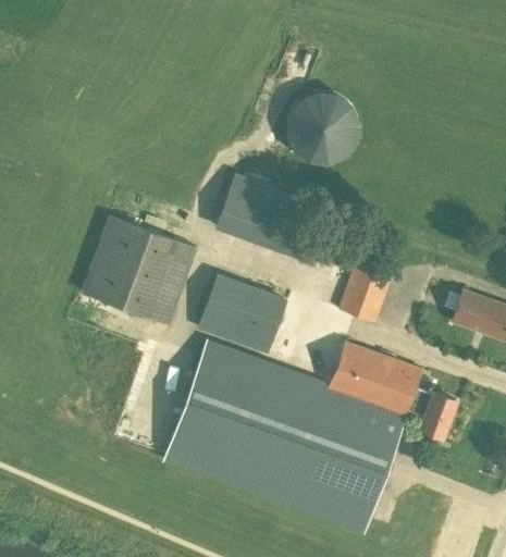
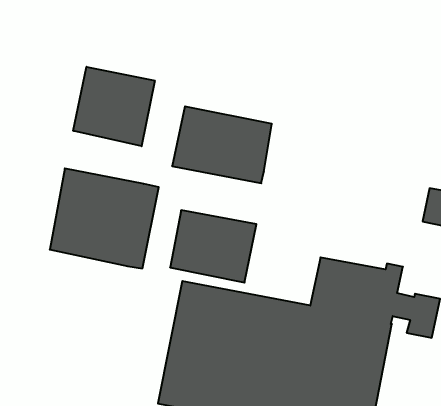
building: [286,91,361,165] -> none
building: none -> [73,67,155,146]
building: [340,257,395,323] -> none

